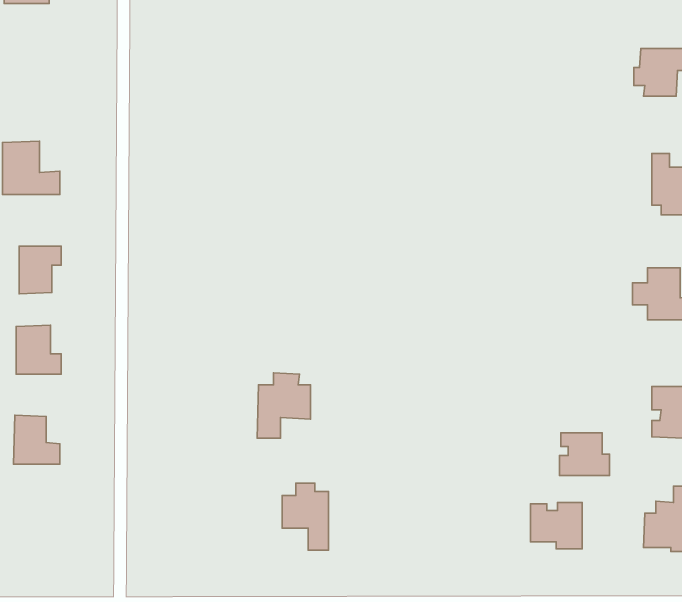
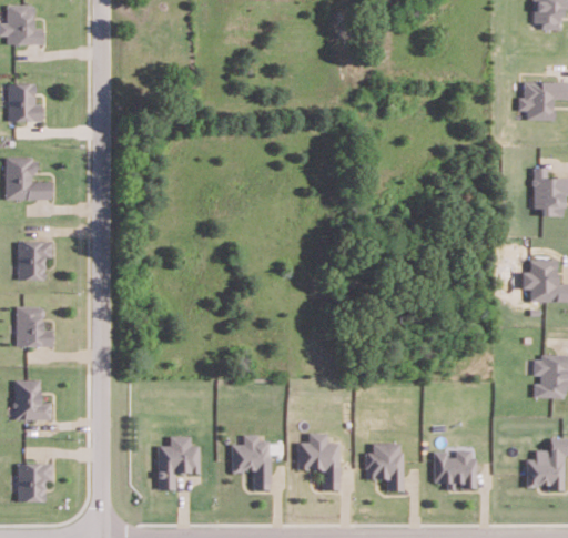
building: none -> [8,82,41,122]
building: [257,373,310,438] -> [156,436,200,489]
building: [559,433,609,476] -> none
building: none -> [298,433,339,489]
building: none -> [365,443,404,491]
building: none -> [17,463,52,501]

